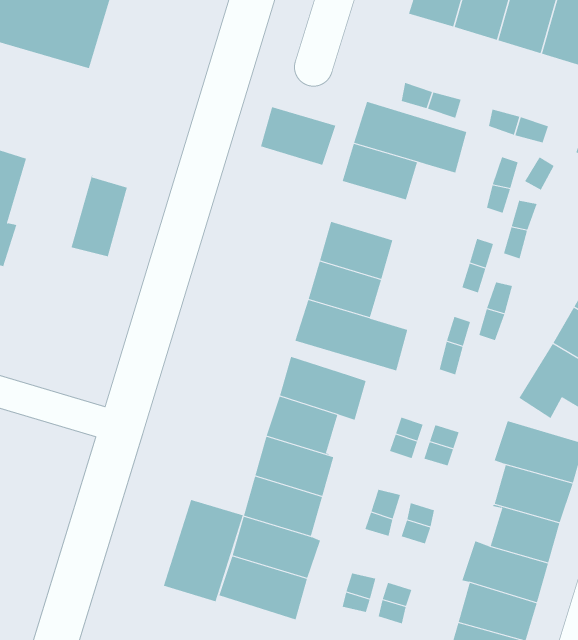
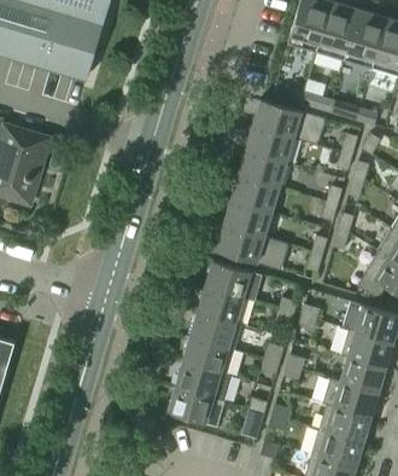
building: [260,106,336,165] -> [238,150,286,187]
building: [71,167,127,257] -> none
building: [163,499,243,602] -> none

